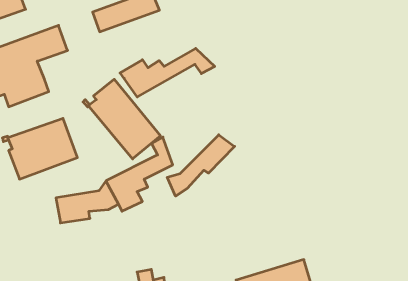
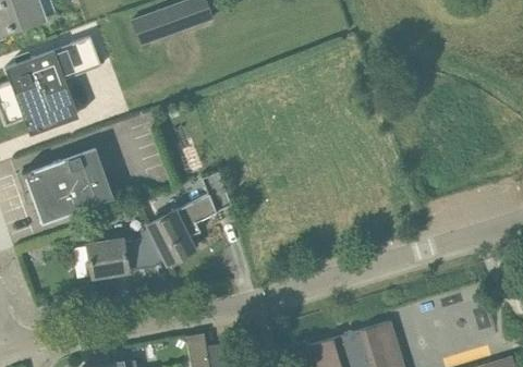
building: [120,48,215,97] -> none
building: [83,79,160,159] -> none
building: [167,135,235,196] -> none

